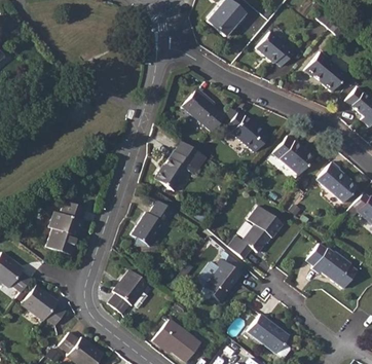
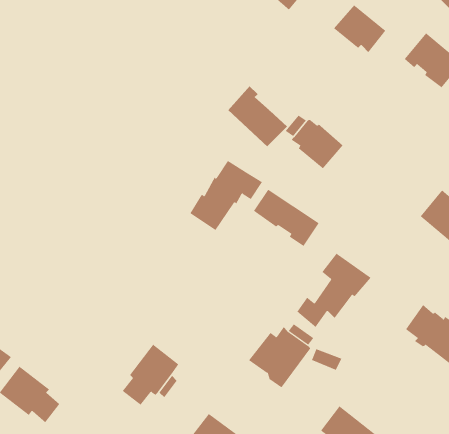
building: [274,136,315,175] -> none
building: none -> [253,189,319,247]
building: [47,201,87,254] -> none
building: [133,207,171,246] -> none

